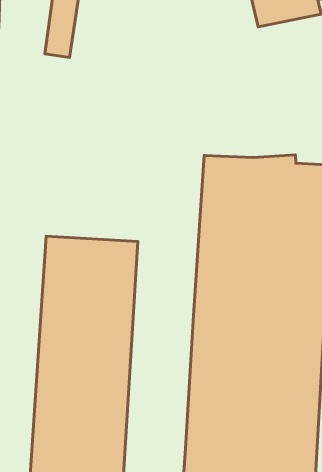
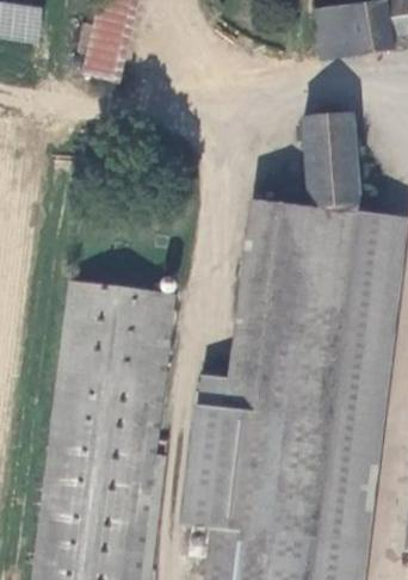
building: none -> [303,115,357,205]
building: none -> [184,375,230,527]

